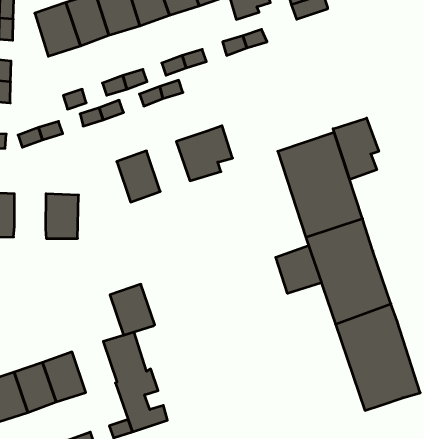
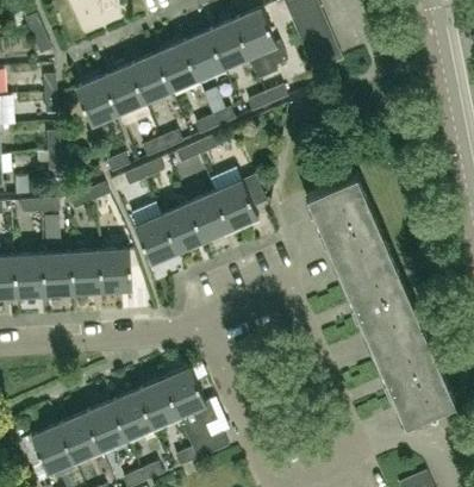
building: [333,118,379,179] -> none
building: none -> [187,193,229,239]
building: none -> [135,216,176,263]
building: none -> [70,250,102,292]
building: [276,246,321,293] -> none
building: [110,284,155,335] -> [135,380,177,427]

